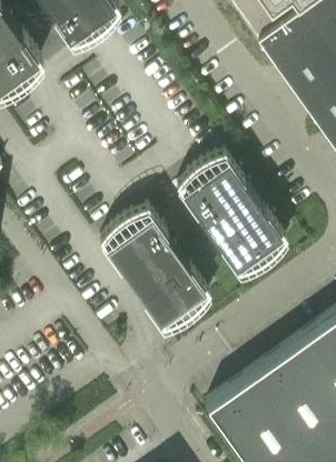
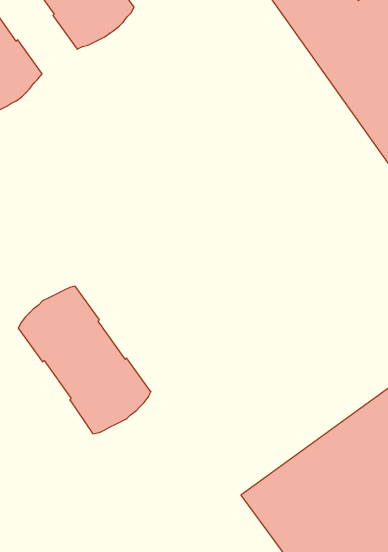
building: [179,160,289,281] -> none
building: [103,214,213,335] -> [18,286,151,434]

